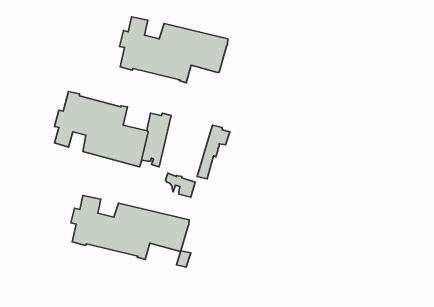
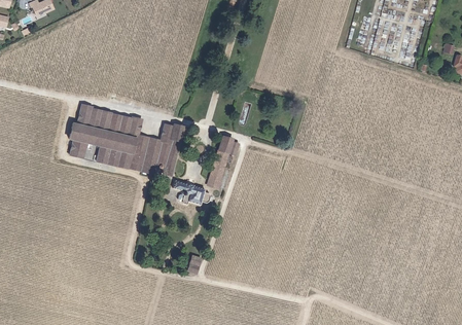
building: [120,17,228,83] -> none
building: [71,195,189,260] -> none

